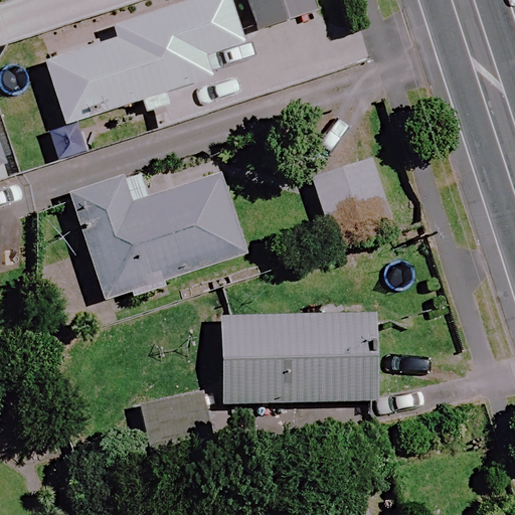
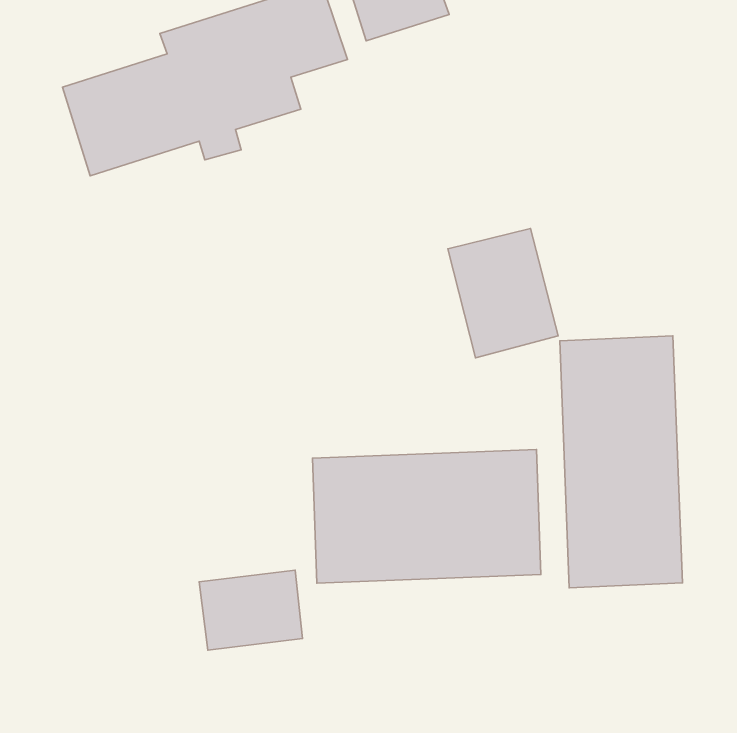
building: [71,172,246,298] -> none
building: none -> [560,336,682,588]

